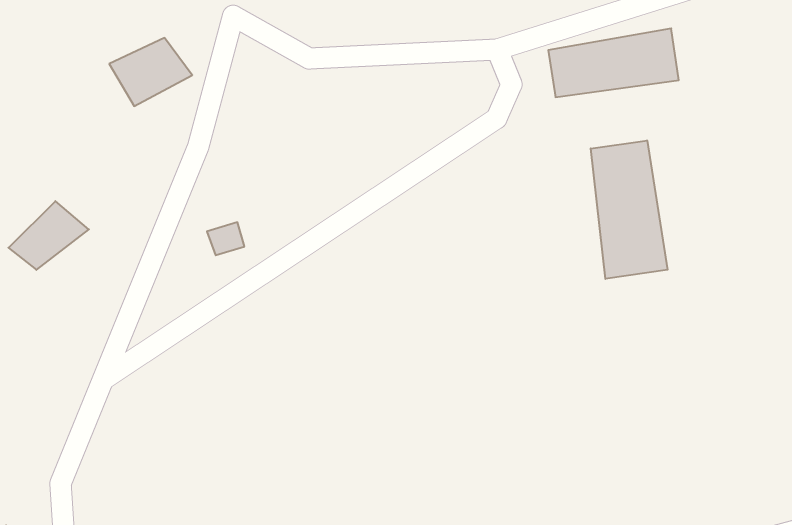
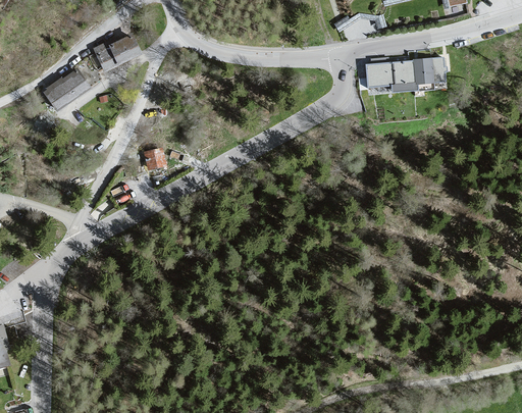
building: [591,140,668,279] -> none
building: [8,201,89,270] -> [40,71,91,113]

